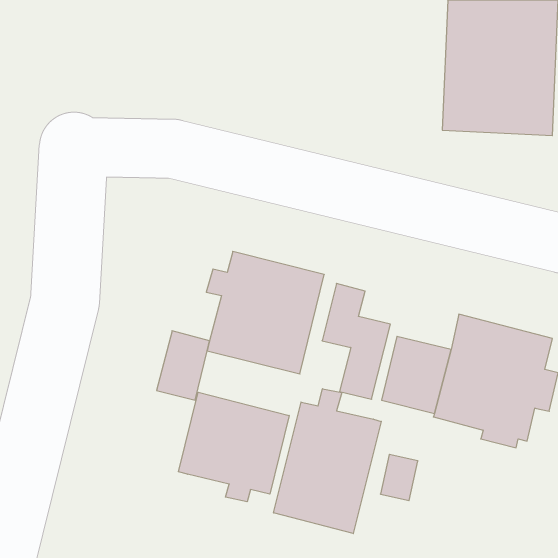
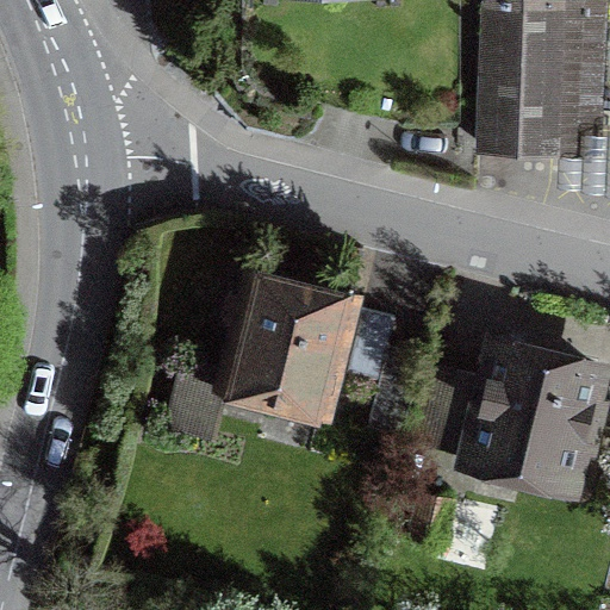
building: [274,389,381,534] -> none
building: [178,392,289,502] -> none

